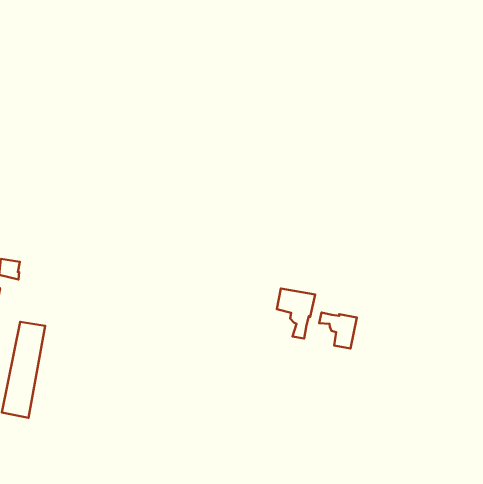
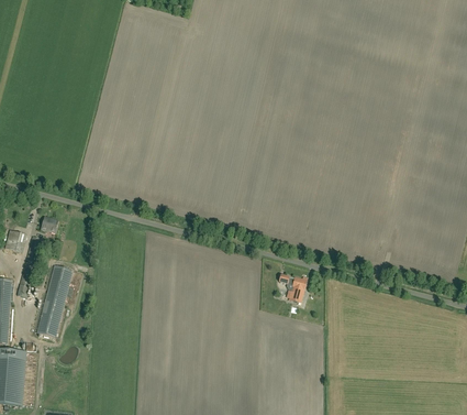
building: [277,288,315,339] -> none

